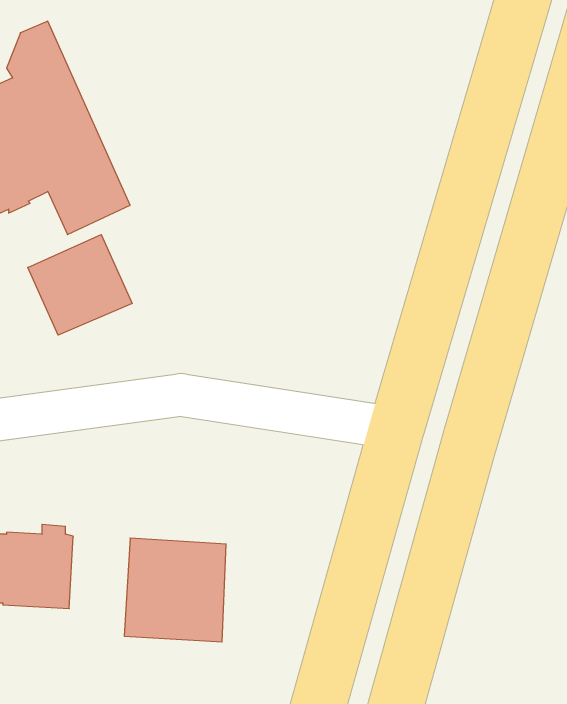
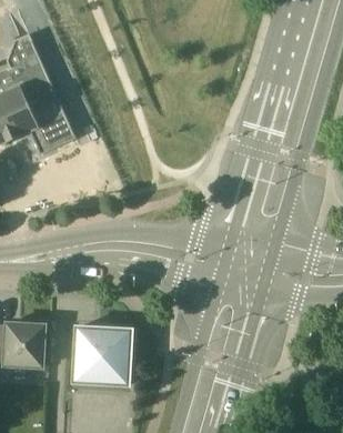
building: [28,235,132,335] -> none

